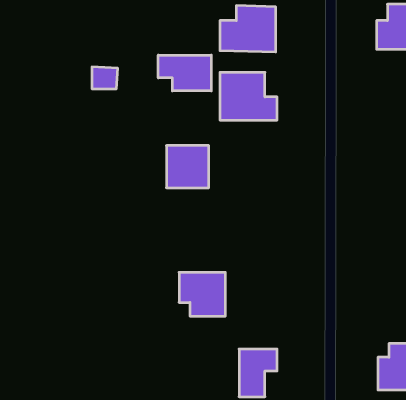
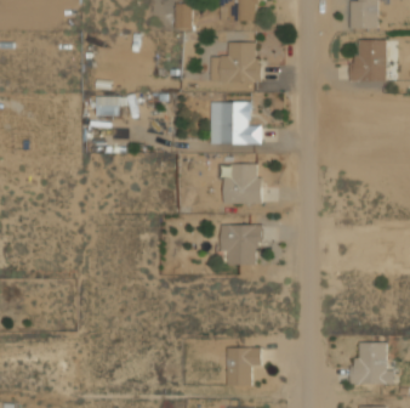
building: [158,55,211,91] -> none
building: [166,146,209,188] -> [223,164,261,202]
building: [179,272,225,316] -> [220,225,261,264]

